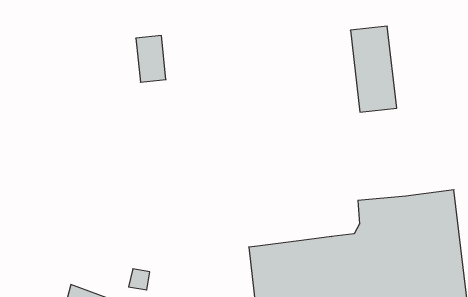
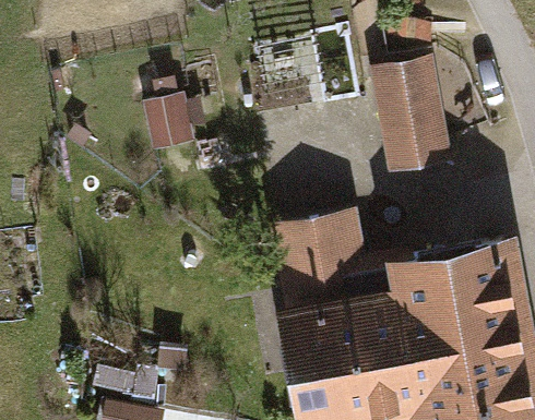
building: none -> [278,213,362,313]

